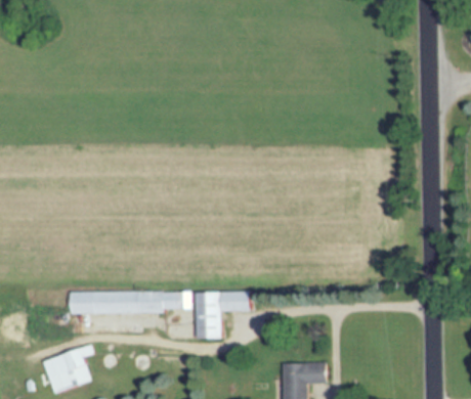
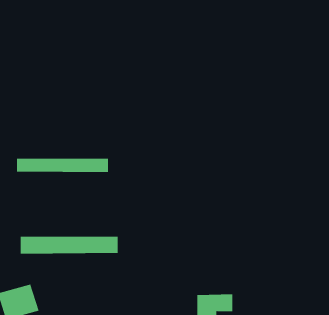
building: none -> [16,158,109,173]
building: [197,292,250,338] -> none

